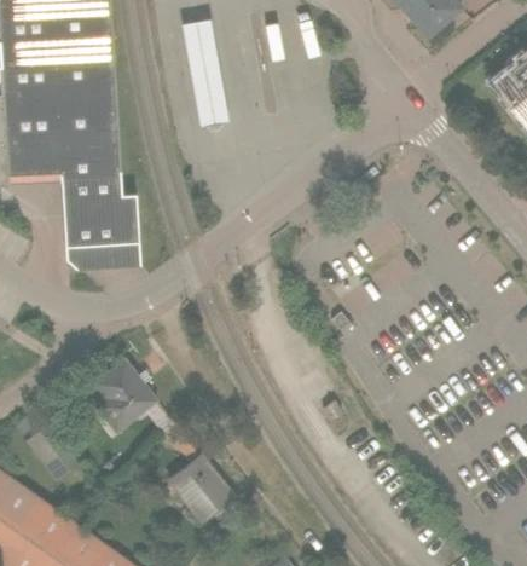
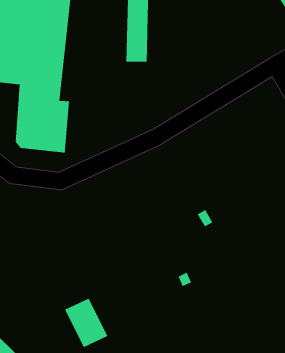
building: [95,358,163,438] -> none

